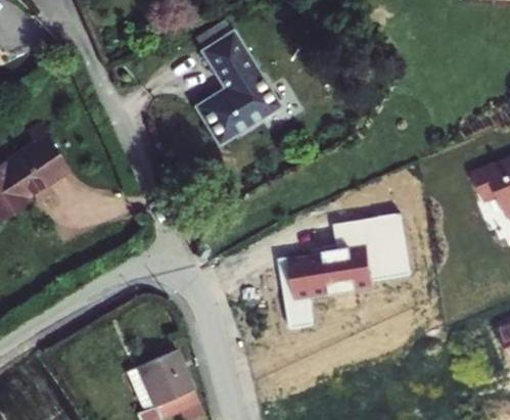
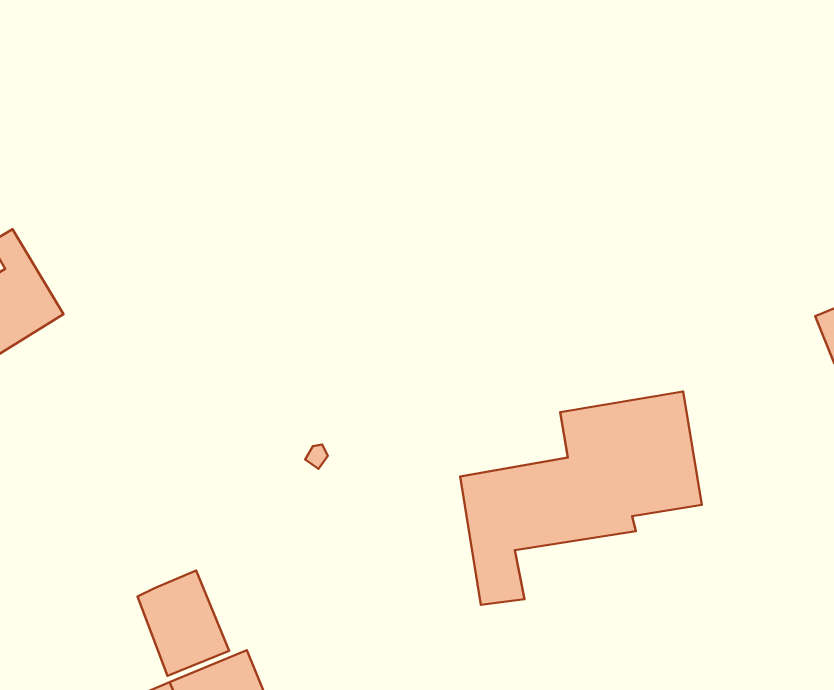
building: [197,27,280,138] -> none
building: none -> [138,570,229,676]

